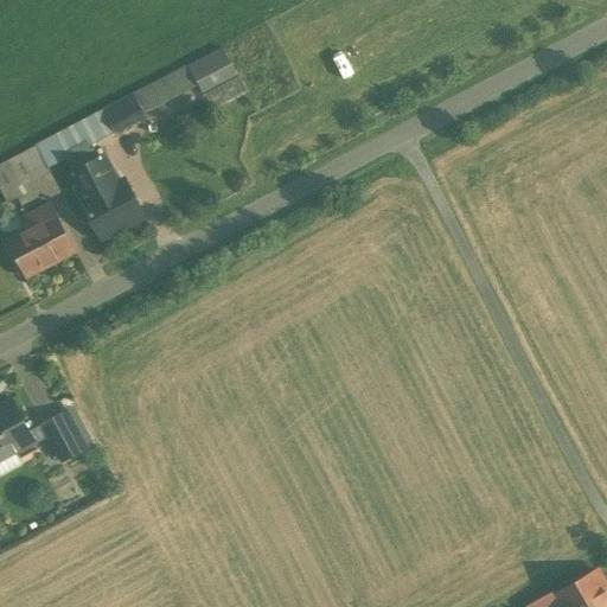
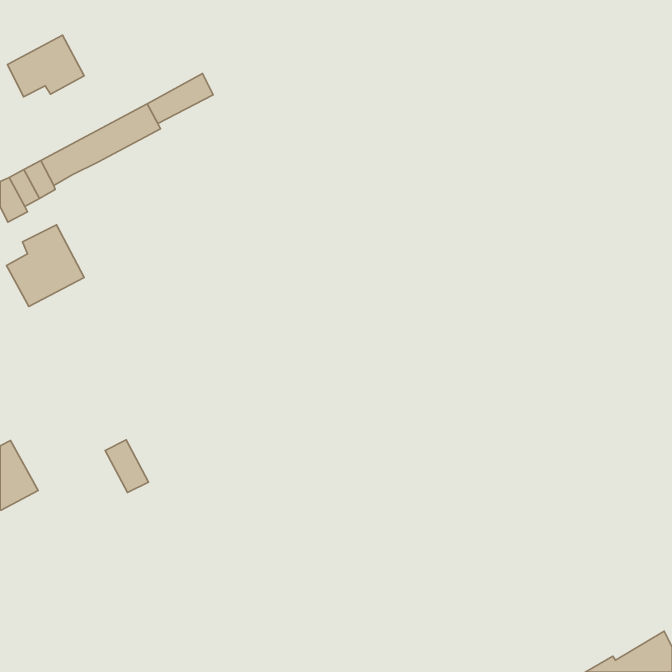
building: none -> [7,35,84,97]
building: [189,47,236,91] -> none
building: [65,146,143,237] -> none
building: [43,413,82,460] -> [105,440,148,493]

